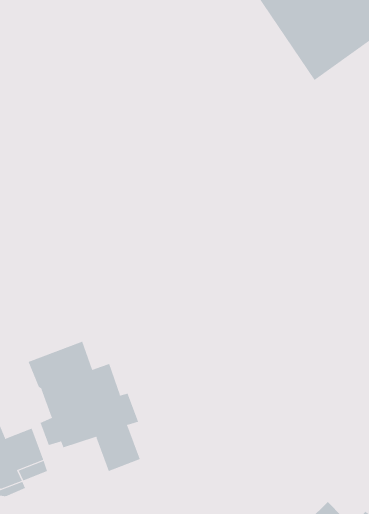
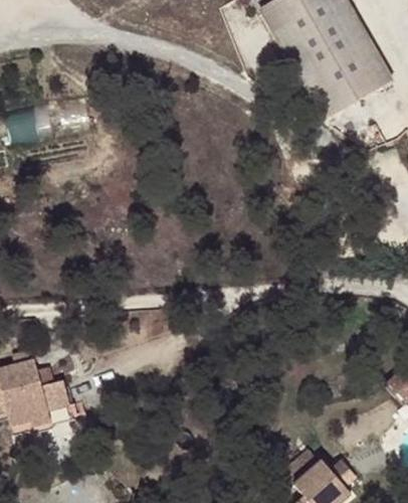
building: [28,341,140,472] -> none

